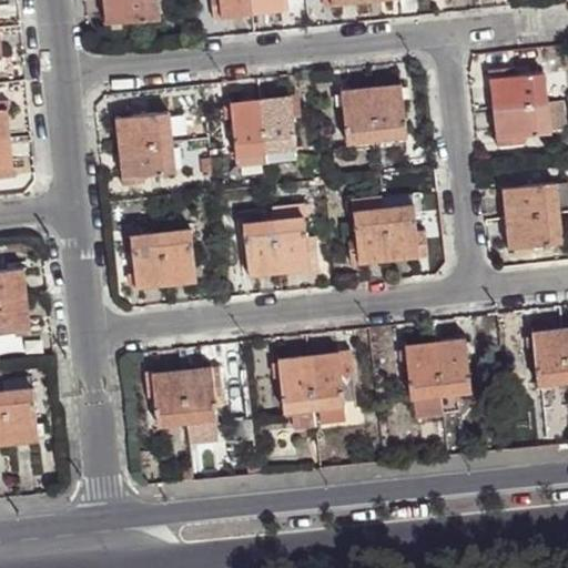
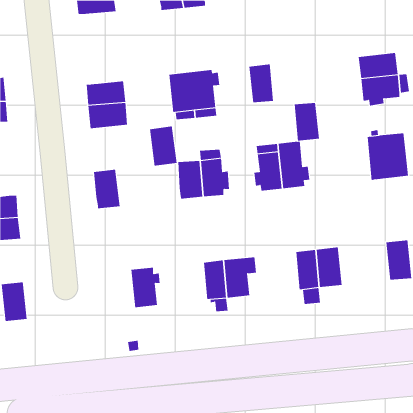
building: [371,87,406,140] -> [294,102,320,141]
building: [159,229,197,284] -> [149,126,177,166]
building: [144,371,184,425] -> none

